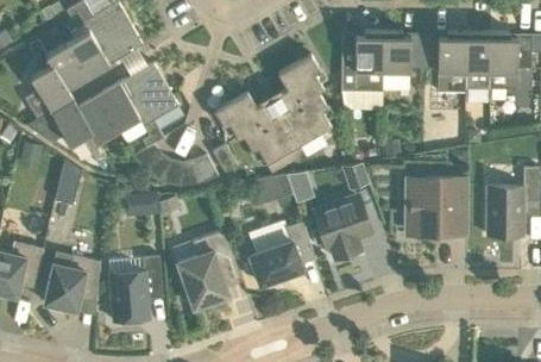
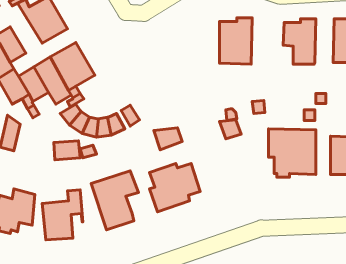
building: [68,31,109,77] -> none
building: [383,31,426,92] -> none
building: [466,32,491,89] -> none
building: [214,55,336,163] -> none
building: [312,193,371,260] -> none

